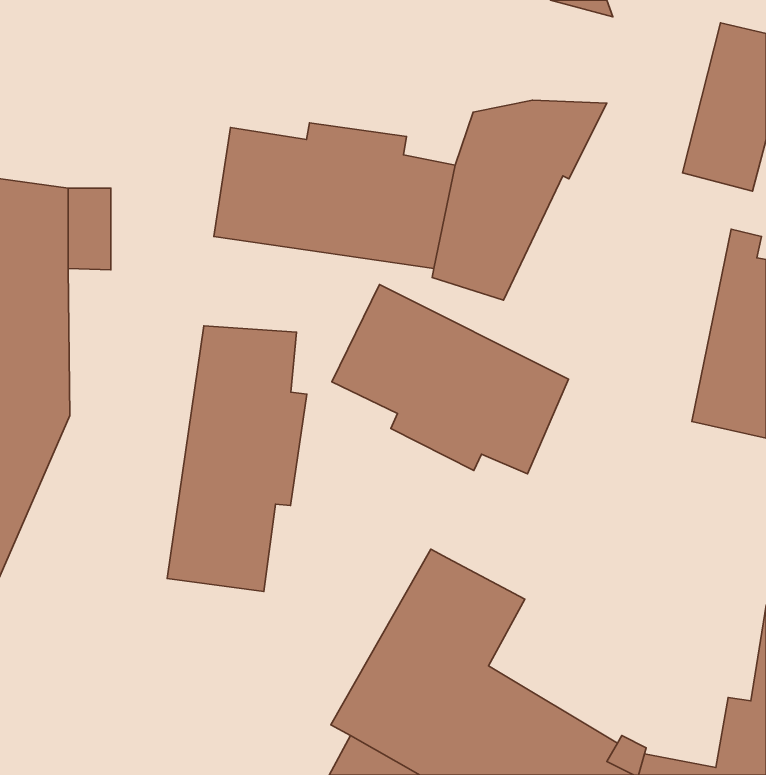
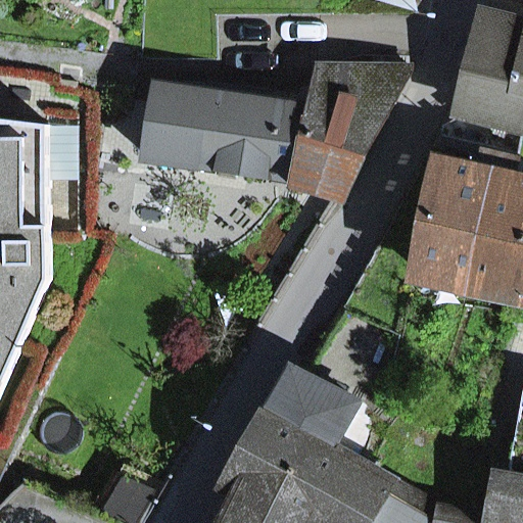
building: none -> [414,152,492,284]
building: [332,285,568,474] -> none
building: [167,326,307,592] -> none

